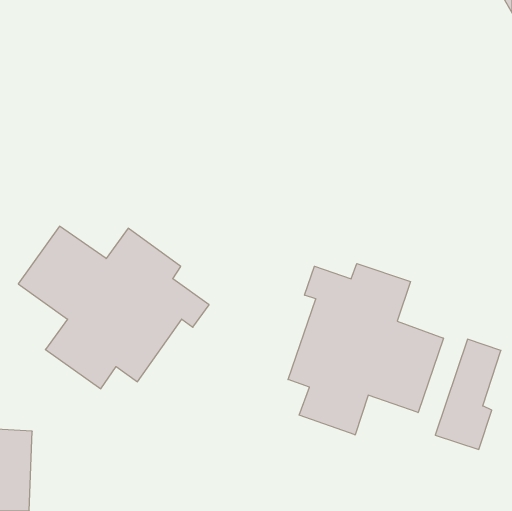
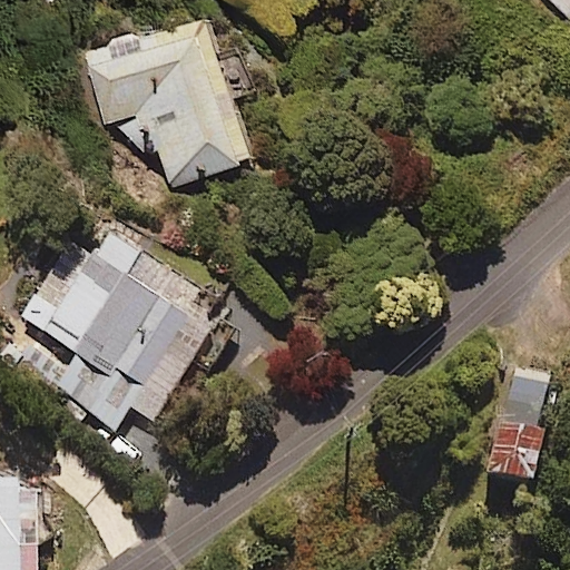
building: none -> [85,21,247,181]
building: [288,264,443,435] -> none

